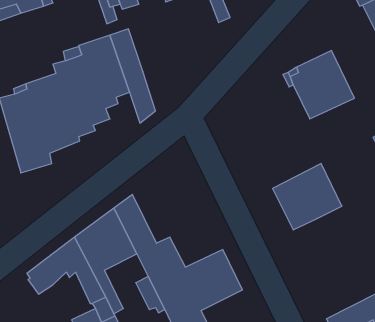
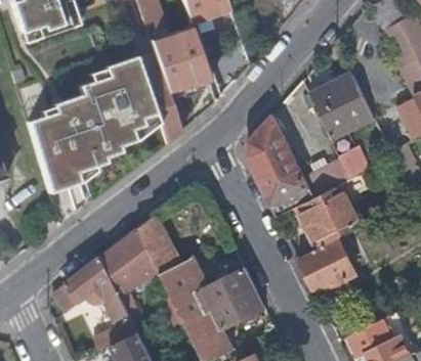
building: none -> [151,27,210,92]
building: none -> [248,114,351,217]
building: none -> [298,237,359,295]

